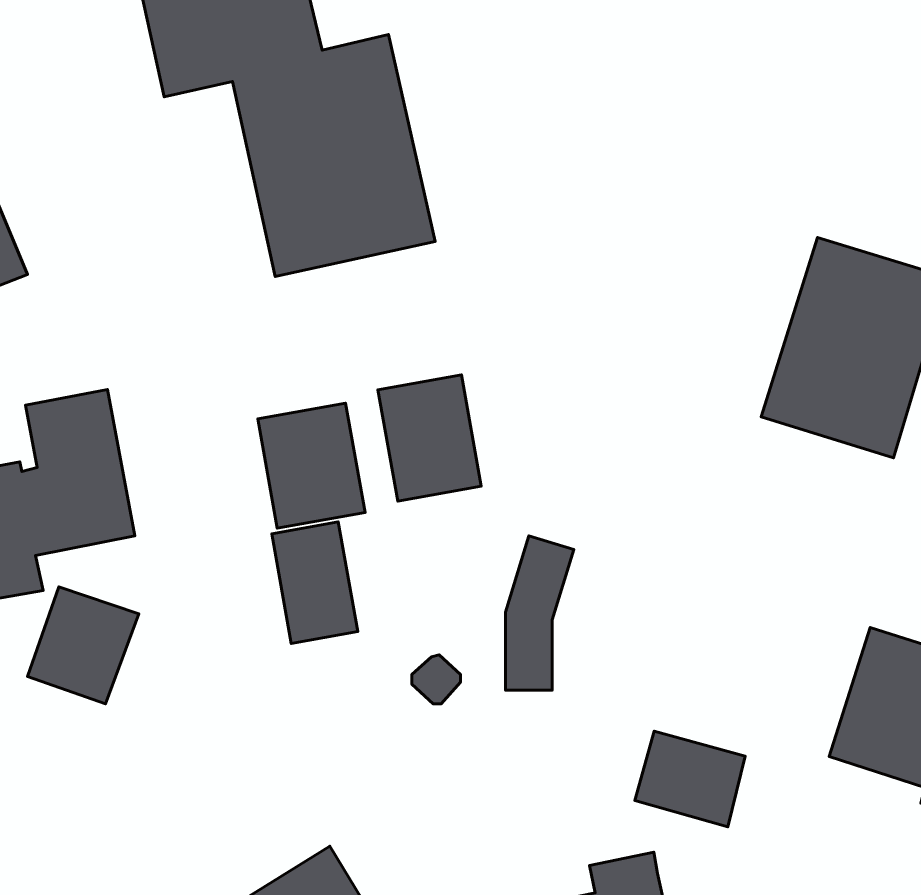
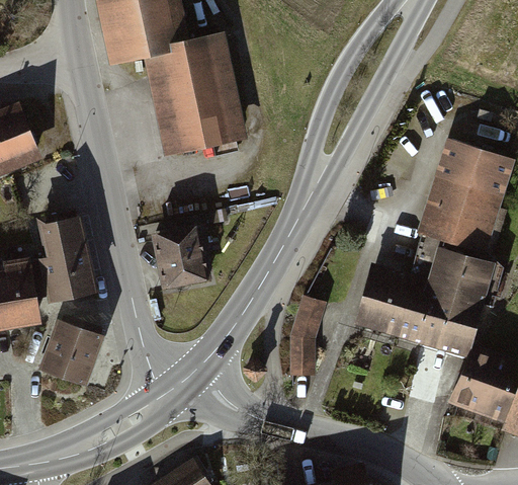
building: [378,375,481,501] -> none
building: none -> [348,248,494,360]
building: [272,522,358,643] -> none
building: [635,731,745,827] -> none

